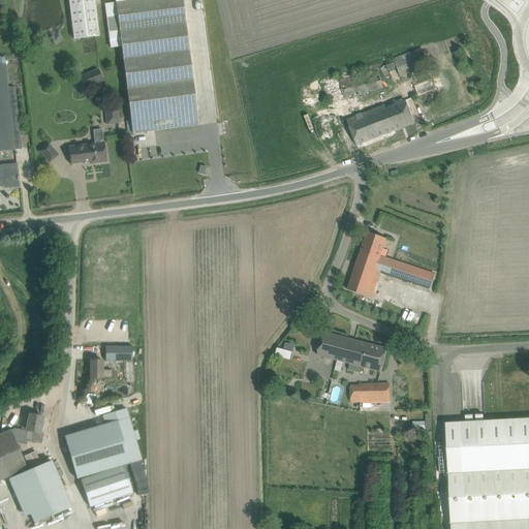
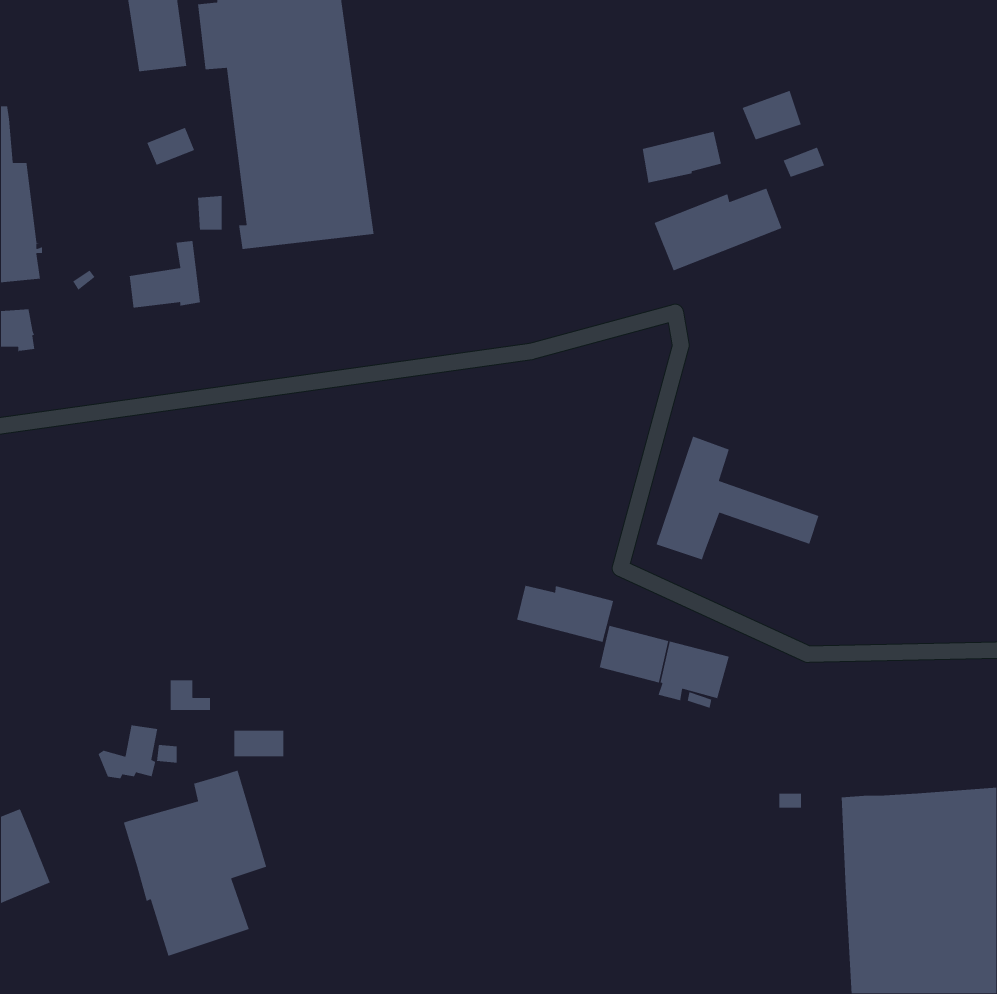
building: none -> [516,585,614,643]
building: [105,345,132,360] -> [233,730,284,757]
building: [360,382,390,400] -> none
building: [11,413,43,442] -> [98,725,158,779]
building: [9,461,70,521] -> none

